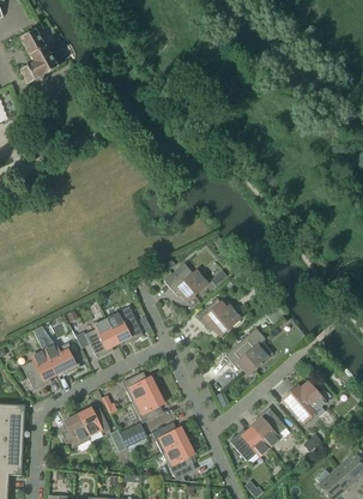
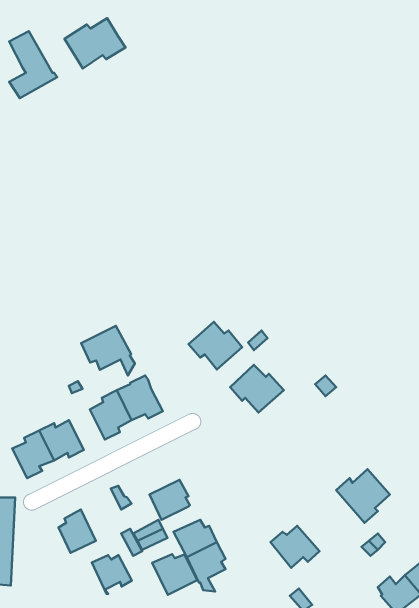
building: none -> [65,18,125,68]
building: none -> [81,326,135,375]
building: [225,327,273,374] -> none
building: [122,371,157,402] -> none
building: [252,407,286,447] -> none
building: [78,408,110,439] -> [92,555,132,594]
building: none -> [152,554,197,595]

